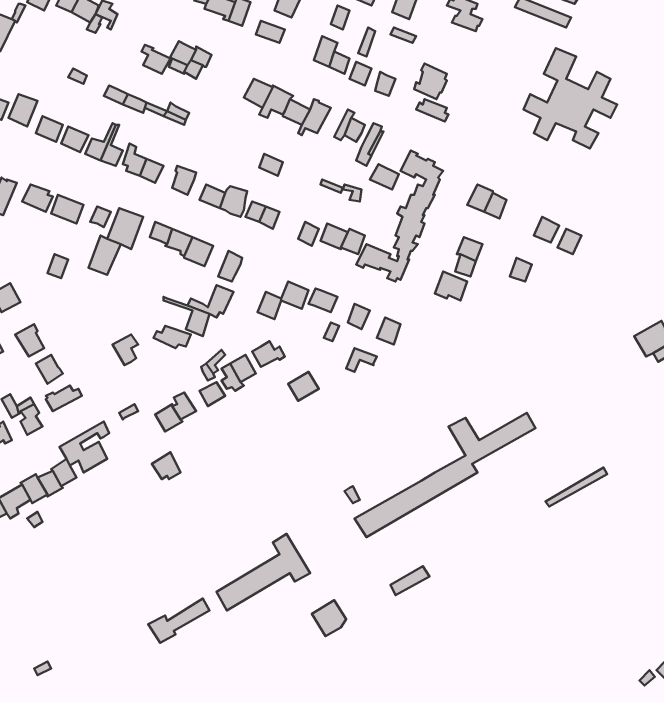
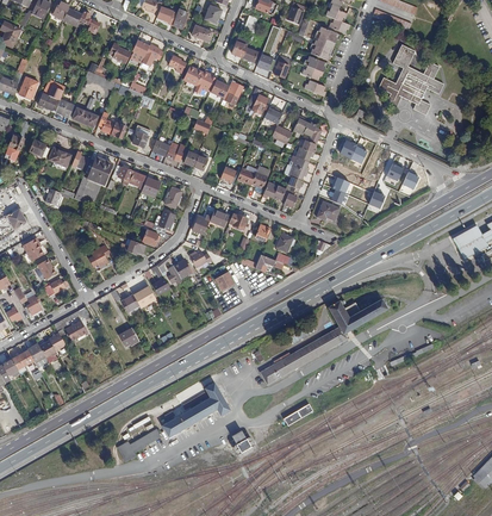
building: none -> [310,26,336,60]

